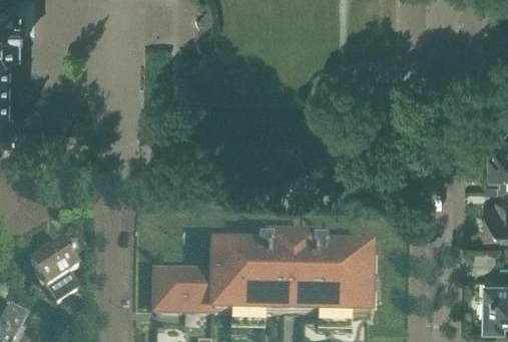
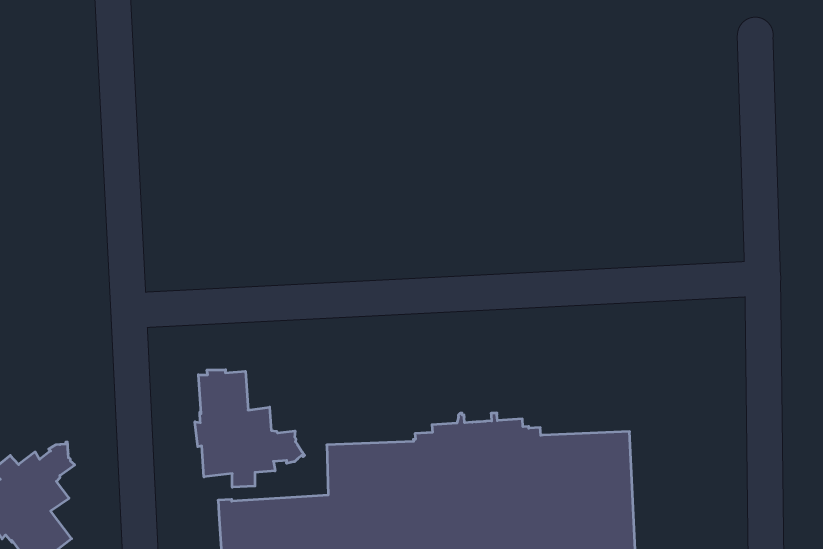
building: none -> [195,370,305,487]

